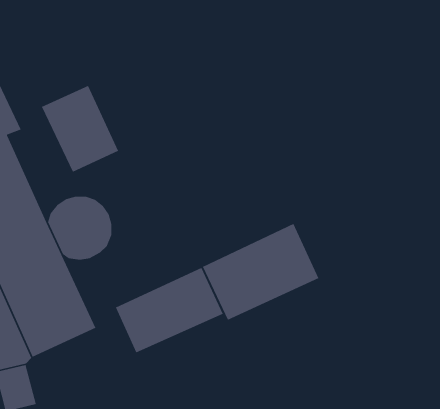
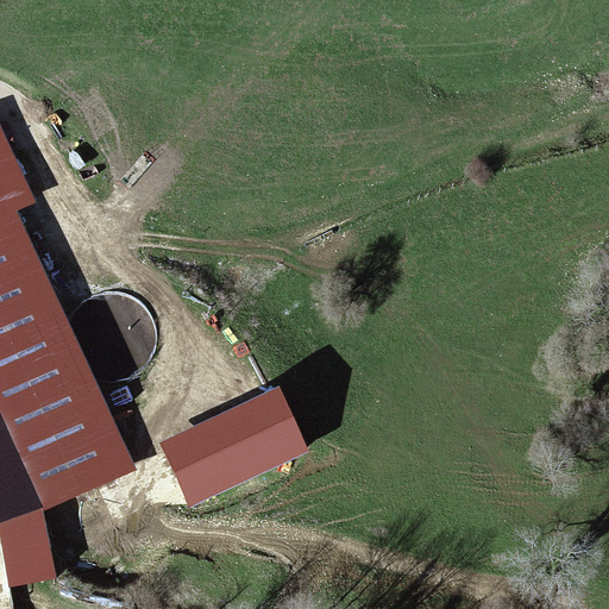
building: [41,85,119,173] -> none
building: [202,223,320,321] -> none

